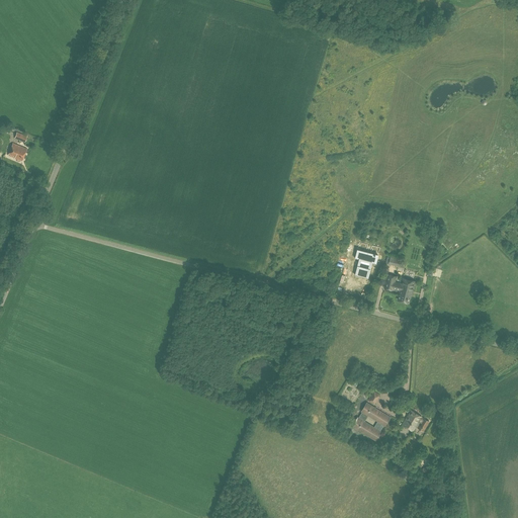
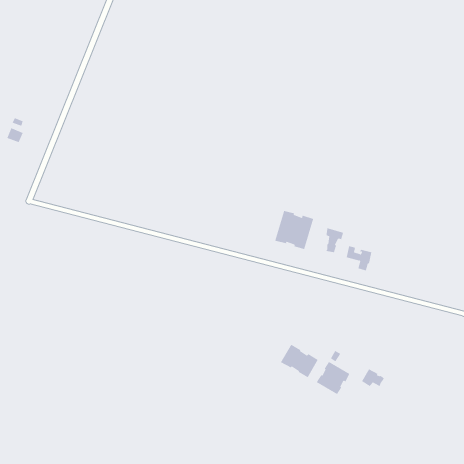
building: none -> [274,210,314,250]
building: none -> [280,344,318,378]

